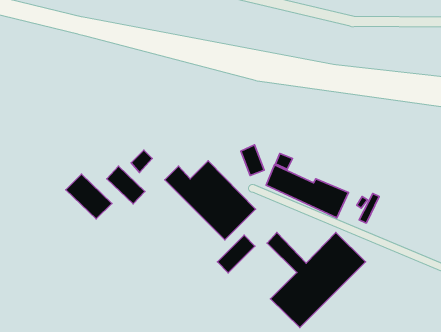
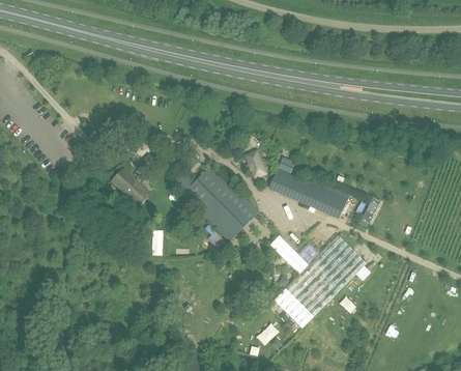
building: [66,174,112,219] -> none
building: [218,235,255,273] -> none

